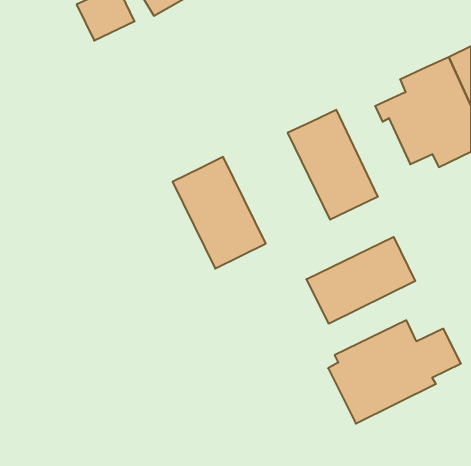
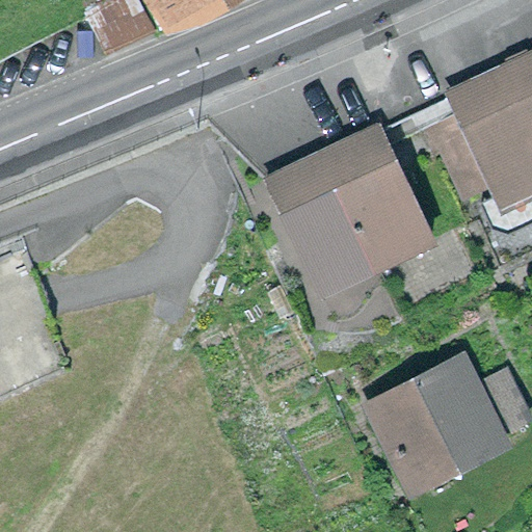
building: [173,157,266,269] -> [267,150,372,275]
building: [306,237,415,324] -> none

